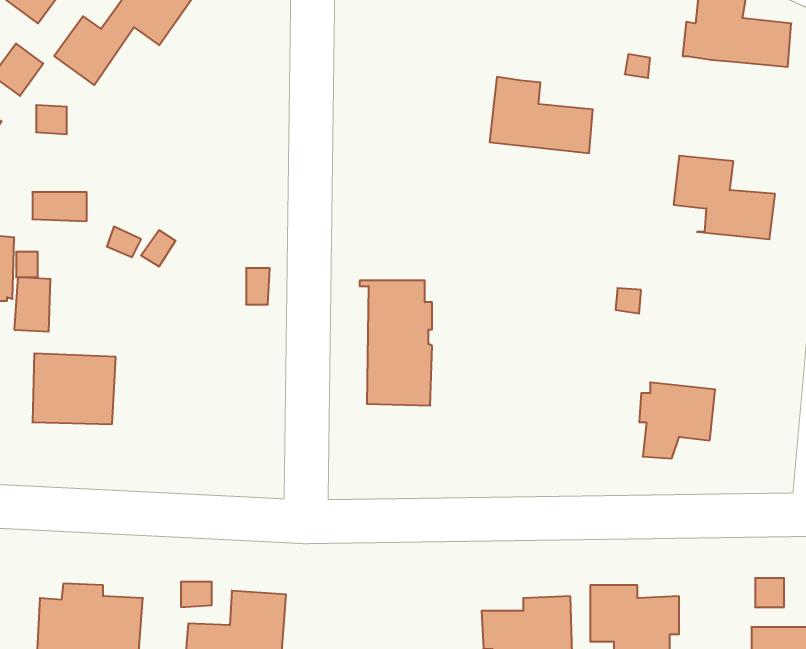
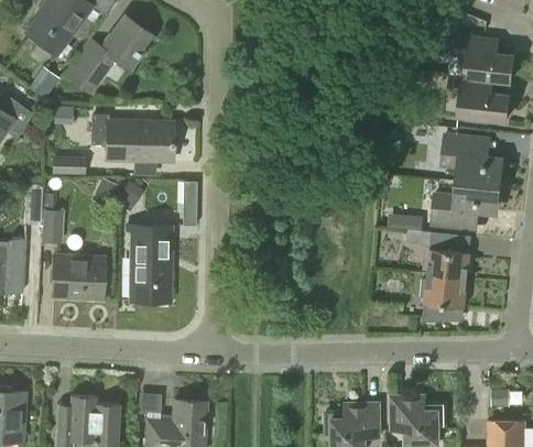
building: [490,77,593,153] -> [447,74,510,120]
building: none -> [91,112,173,160]
building: none -> [432,181,501,227]
building: [360,281,432,406] -> [127,225,171,301]
building: none -> [424,231,471,276]

